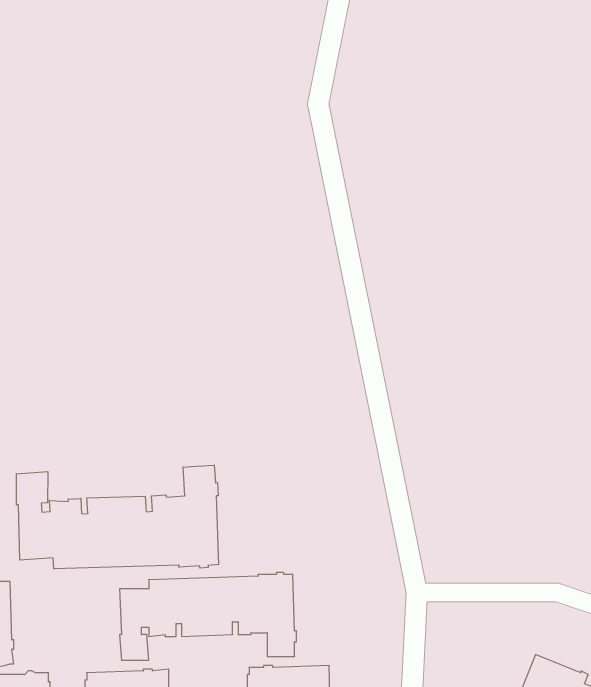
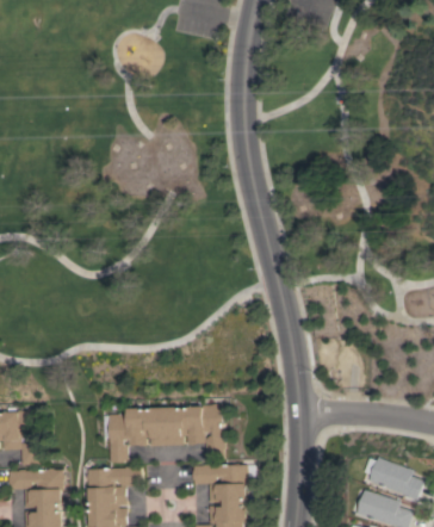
building: [16,465,218,569] -> none

